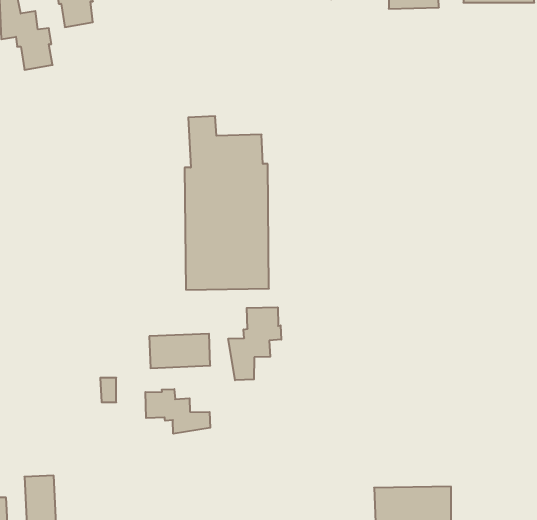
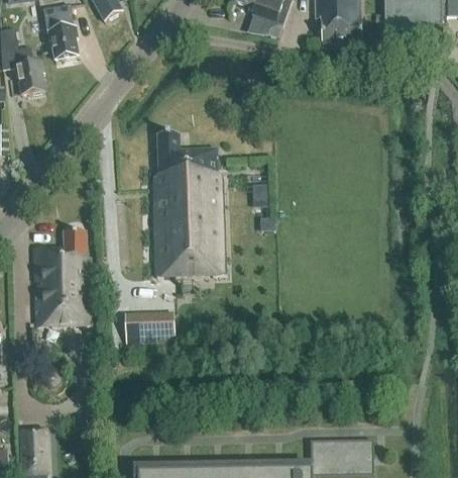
building: none -> [34,230,92,325]
building: [228,307,281,380] -> none
building: [145,389,210,434] -> none

